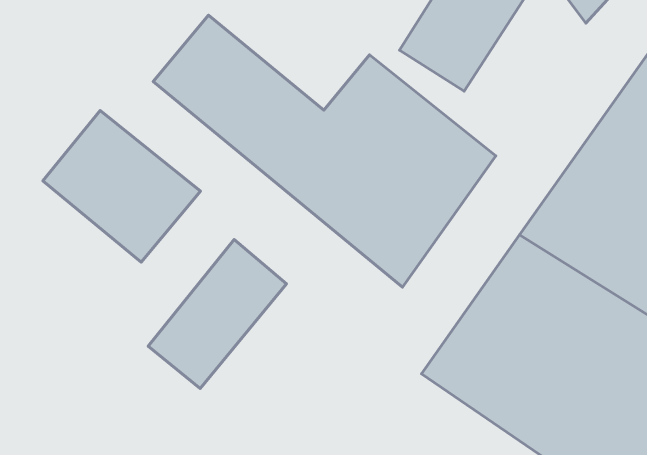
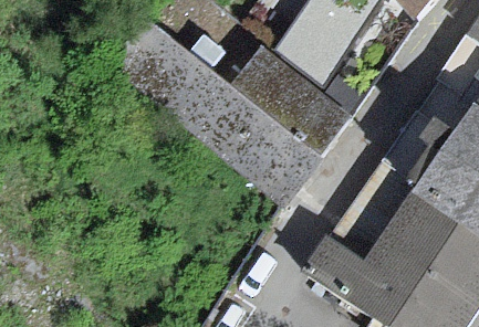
building: [43,111,200,262] -> none
building: [148,240,286,389] -> none

